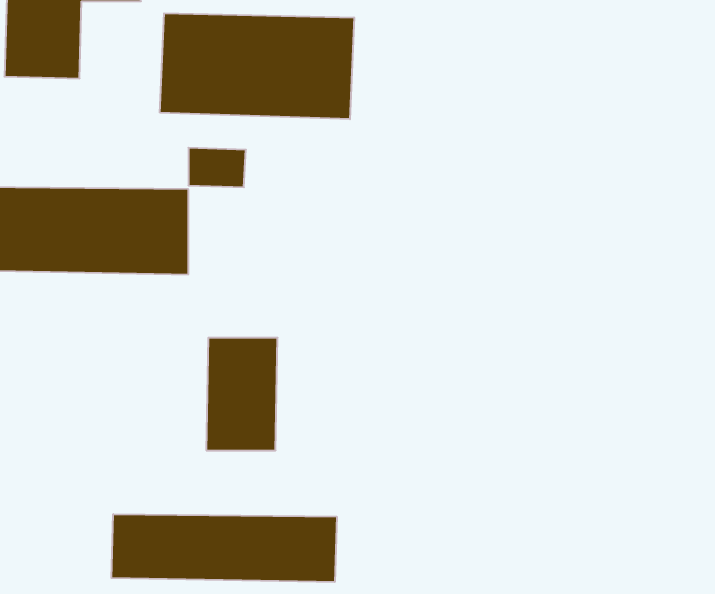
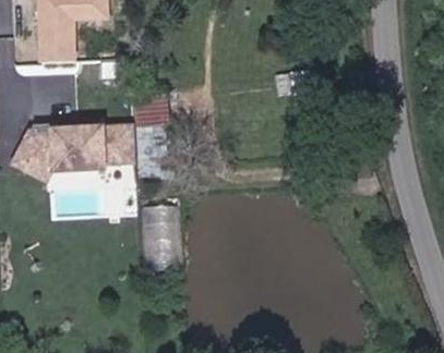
building: [160,13,354,119] -> none
building: [111,514,337,582] -> none

